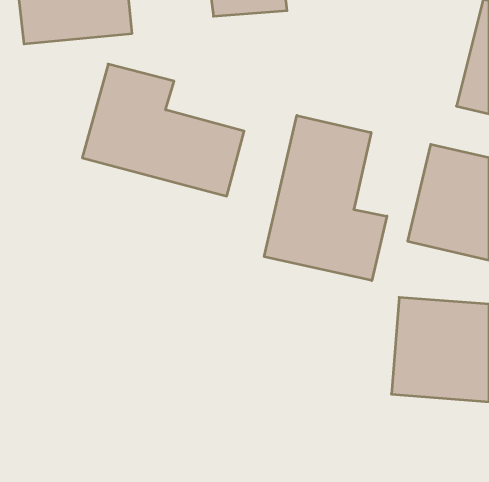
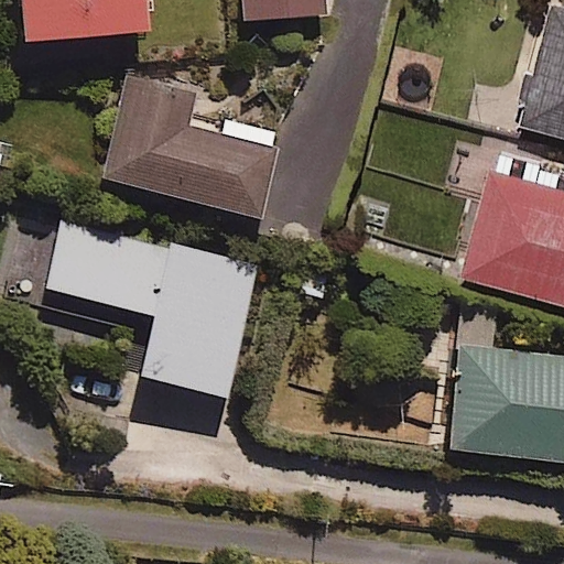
building: [264,115,387,281] -> none
building: none -> [44,210,262,398]

